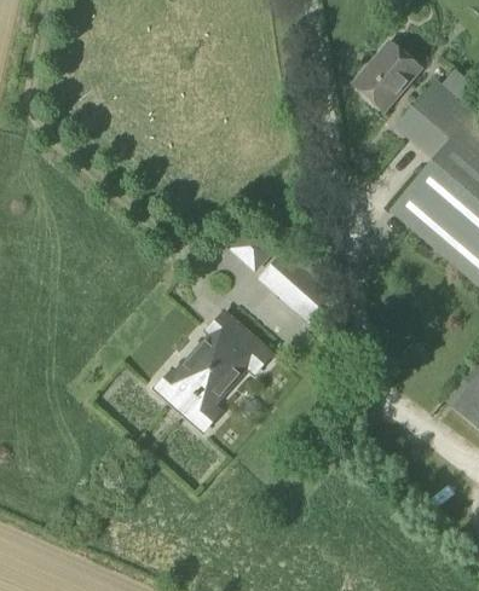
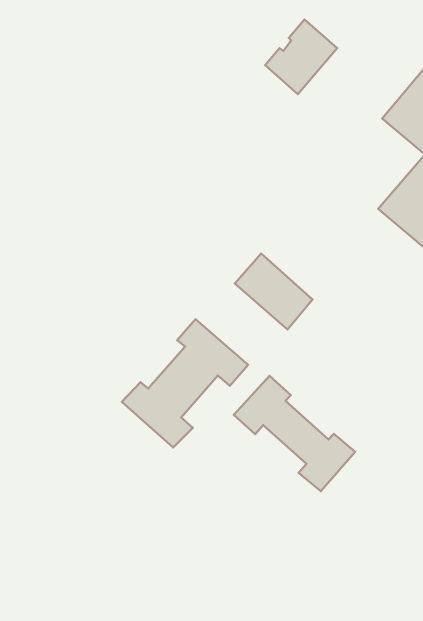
building: [352,41,419,110] -> [265,19,337,94]
building: none -> [234,376,355,491]

